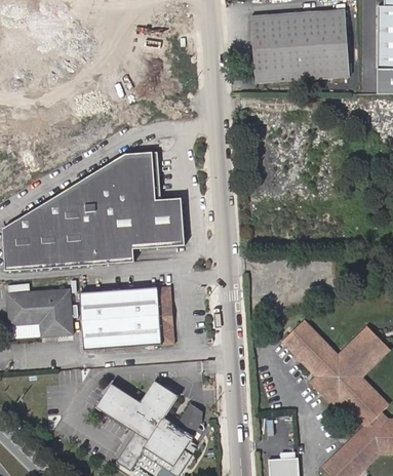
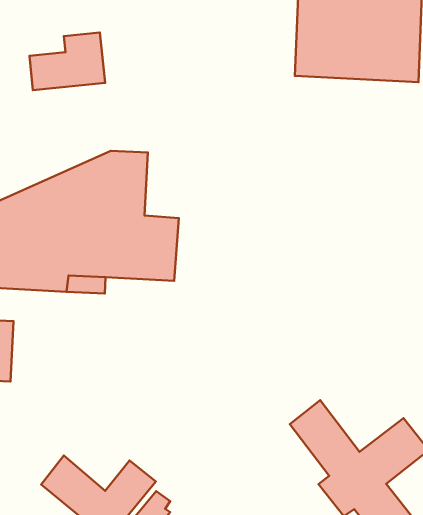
building: none -> [29,32,105,90]
building: [78,284,173,349] -> none

